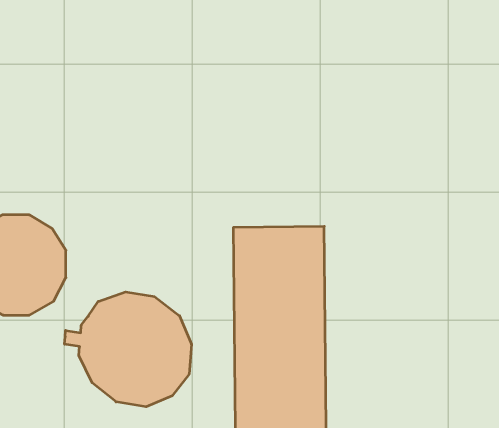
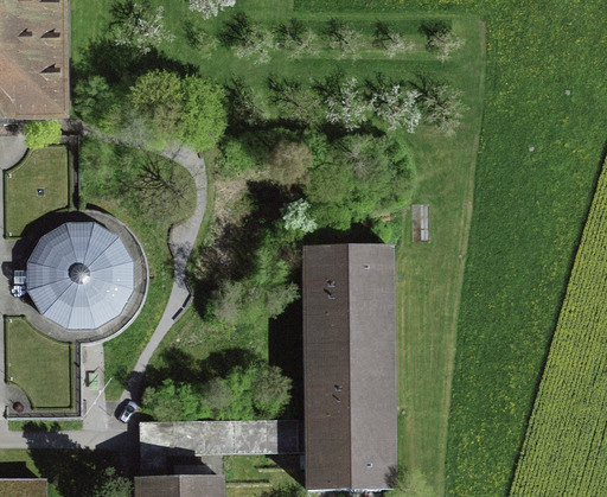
building: [65,292,191,407] -> none

